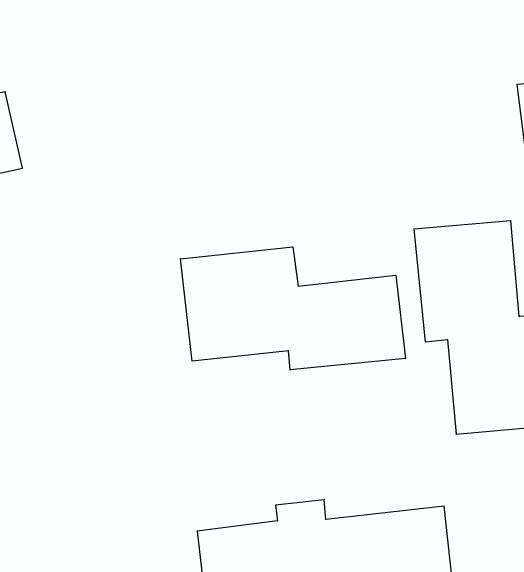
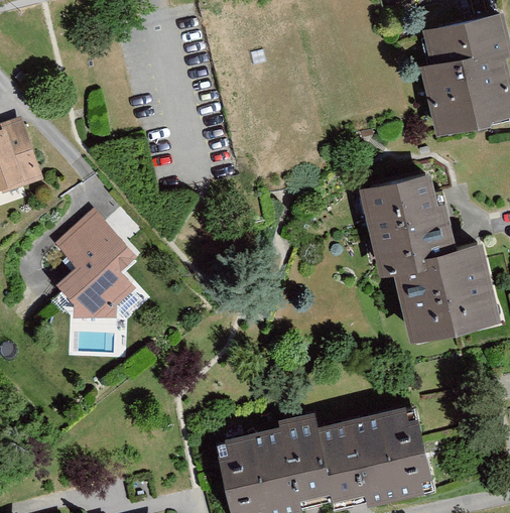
building: none -> [52,210,139,318]
building: [180,247,406,370] -> none

